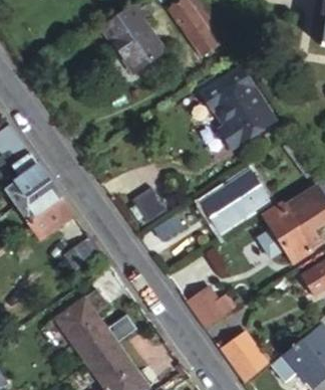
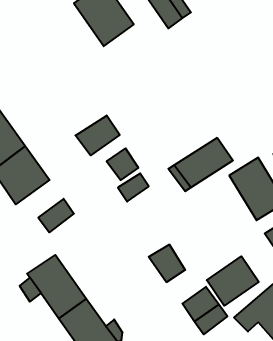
building: [202,67,282,151] -> none
building: none -> [75,115,120,155]
building: none -> [207,256,259,306]

